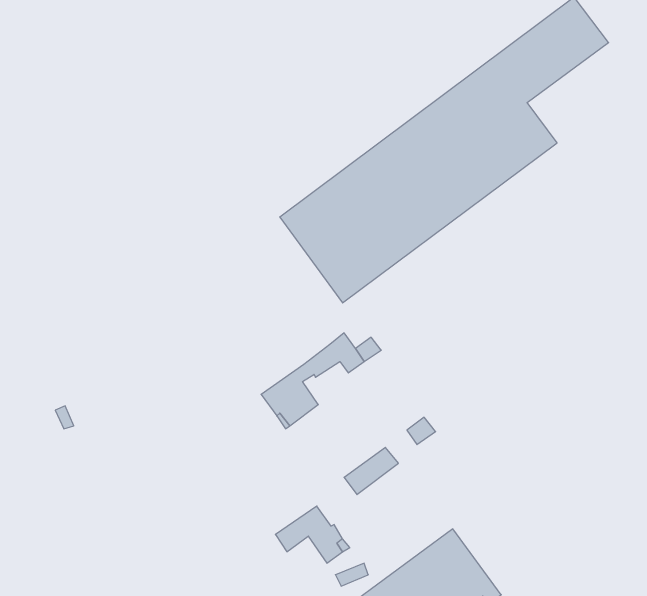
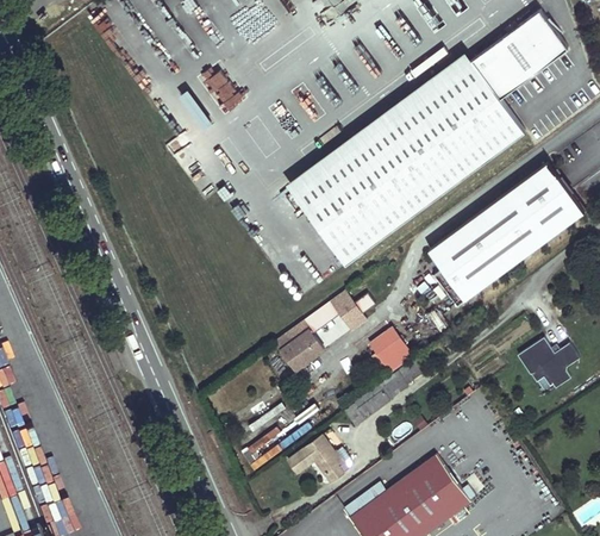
building: none -> [426,163,582,301]
building: none -> [369,328,411,370]
building: none -> [519,338,579,395]

